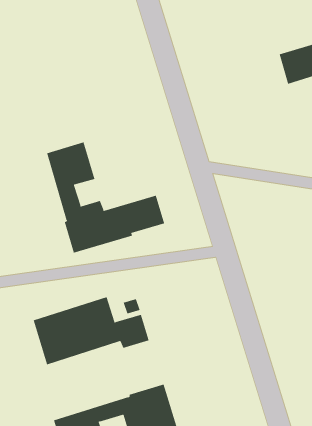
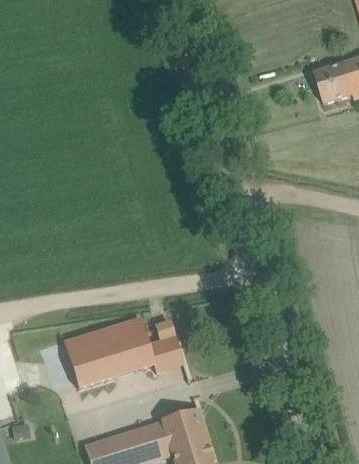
building: [47,142,165,253] -> none

